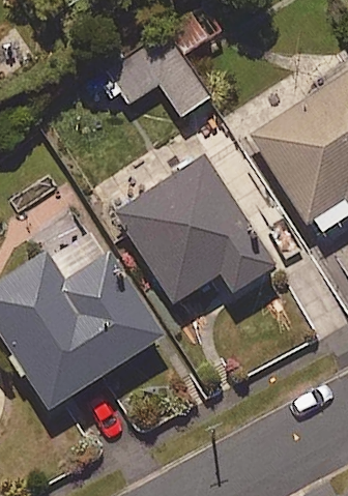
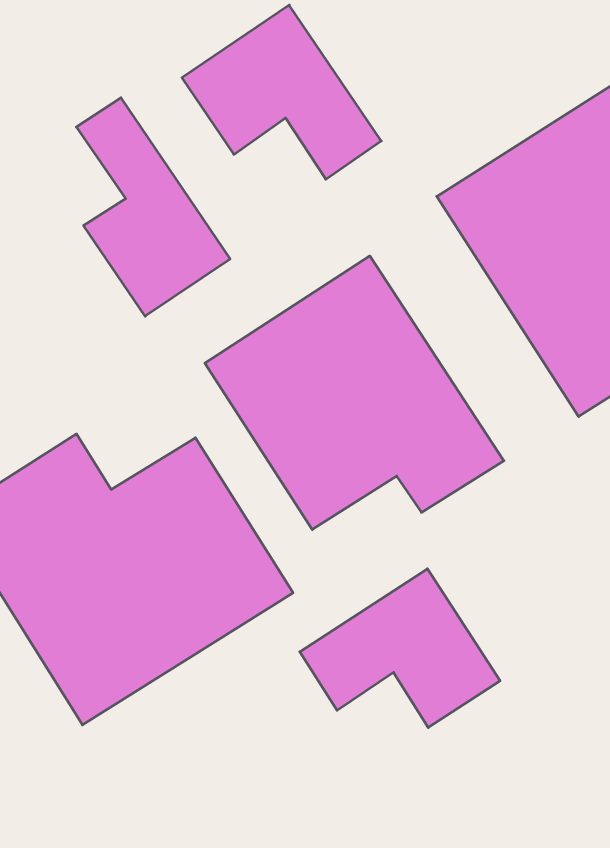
building: none -> [76,98,230,316]
building: none -> [300,569,500,728]

